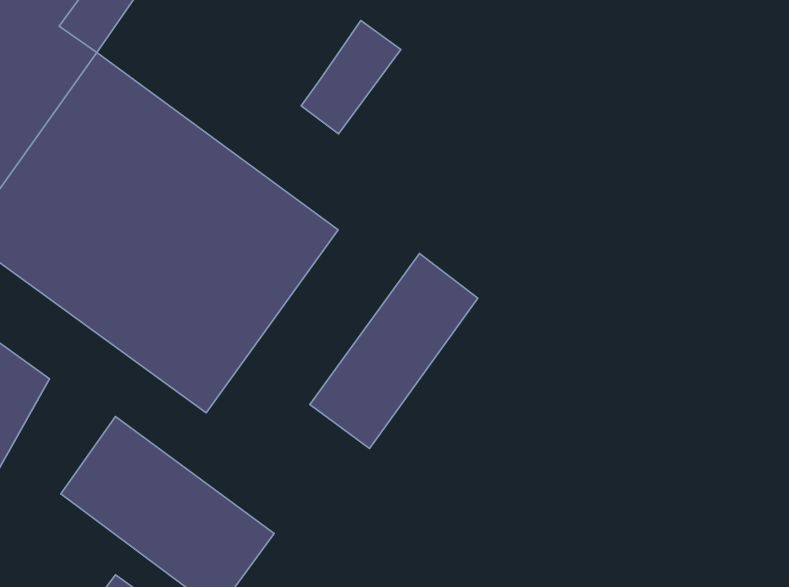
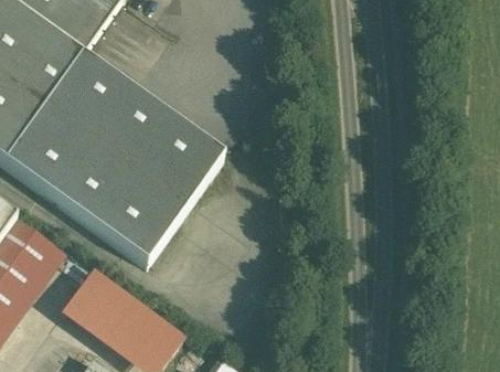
building: [301,20,401,134] -> none
building: [310,253,478,448] -> none

